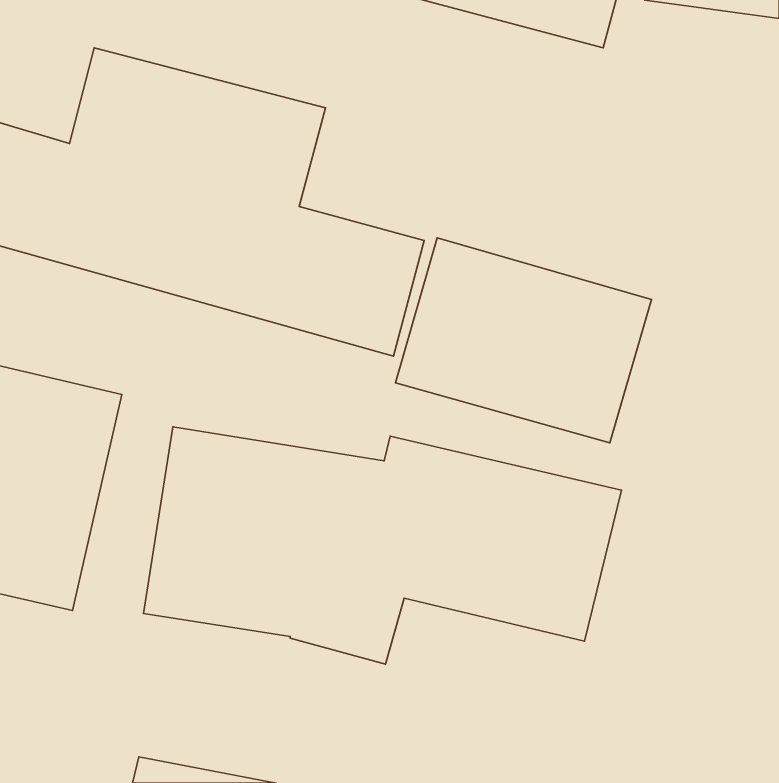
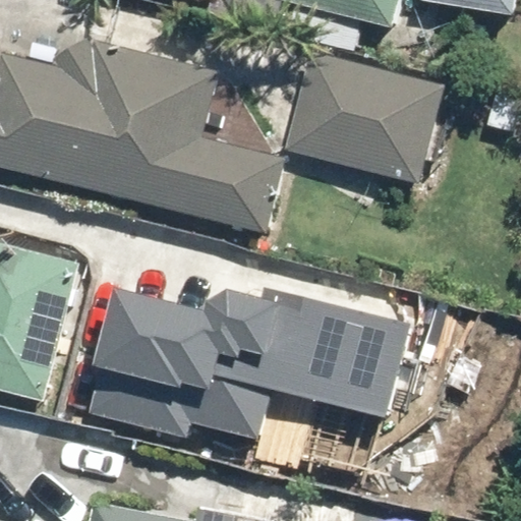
building: [395,238,652,443] -> [278,48,447,183]

